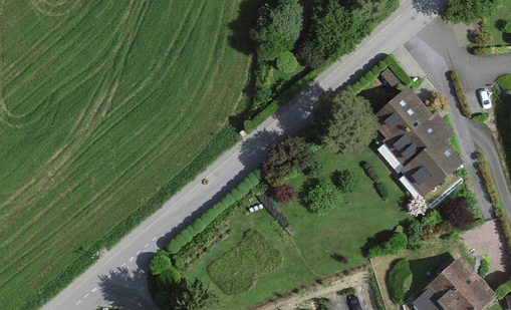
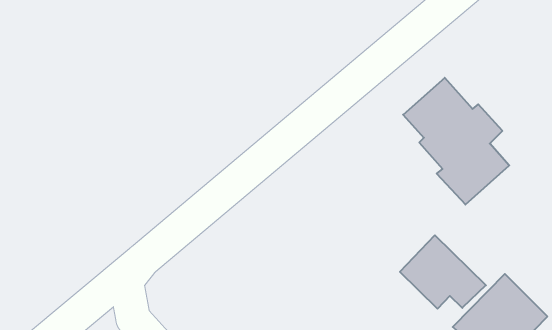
building: none -> [400,235,486,309]

